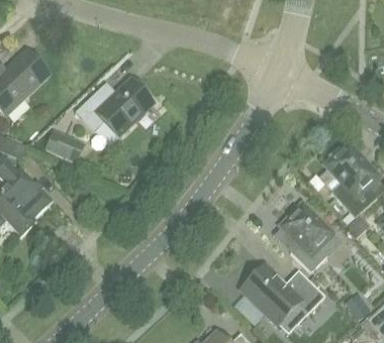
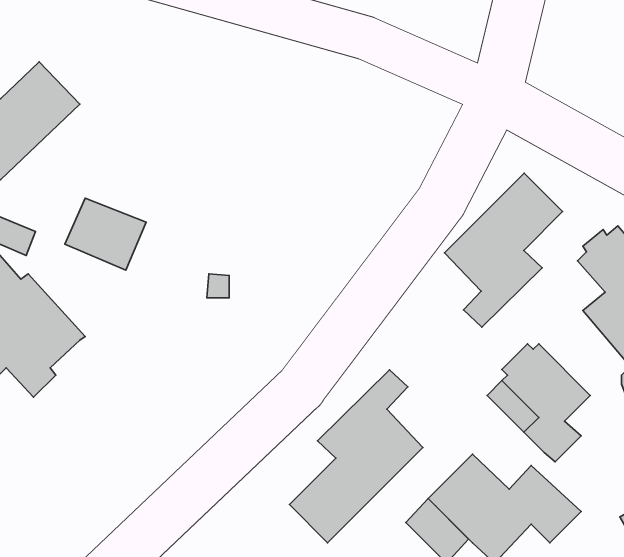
building: [76,80,153,133] -> none
building: none -> [444,173,563,327]
building: none -> [289,370,423,543]

